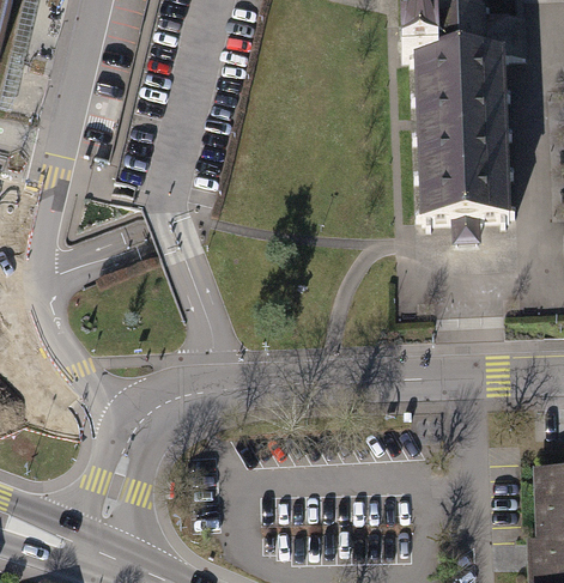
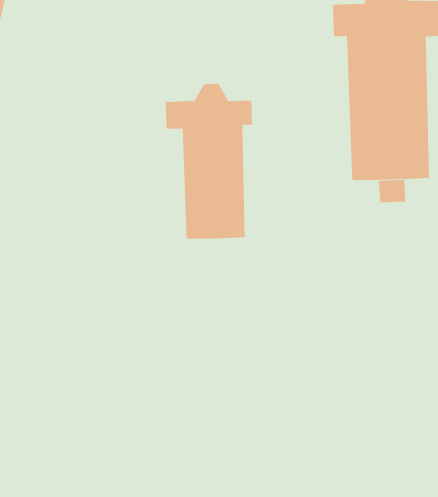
building: none -> [165,83,253,240]

